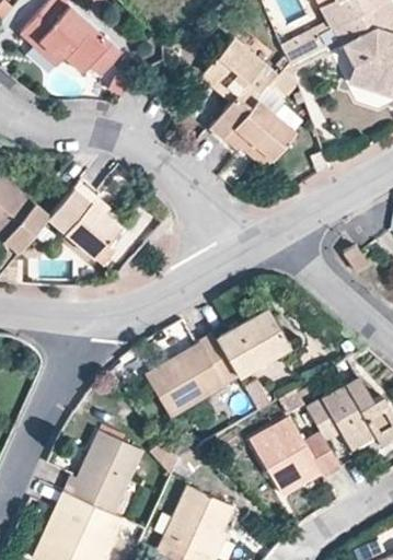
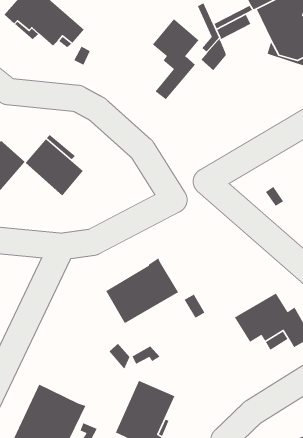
building: [223,100,296,160] -> none
building: [216,310,290,378] -> none
building: [248,390,342,497] -> none
building: [65,430,143,515] -> none

